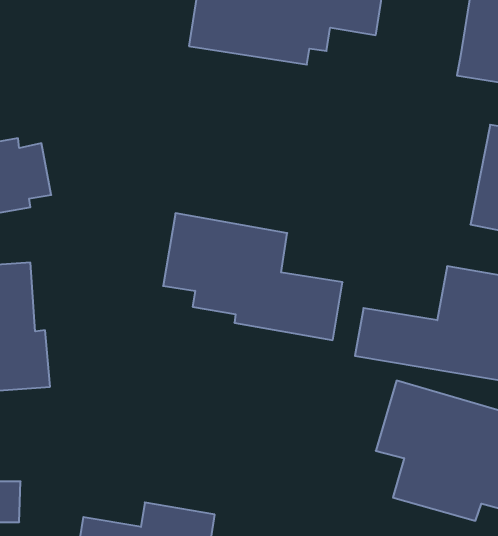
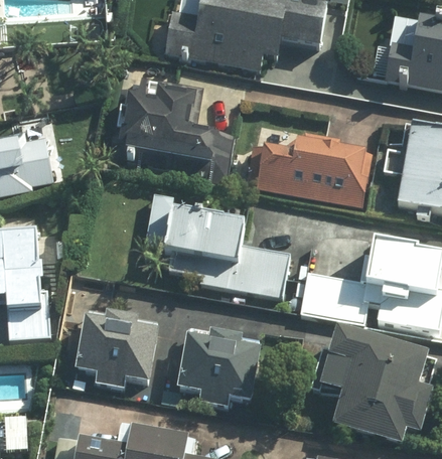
building: none -> [110,74,233,178]
building: none -> [247,130,366,203]
building: none -> [76,310,159,387]
building: none -> [177,329,260,406]

